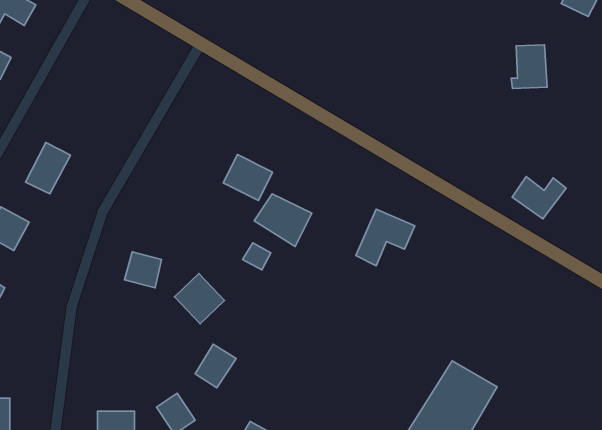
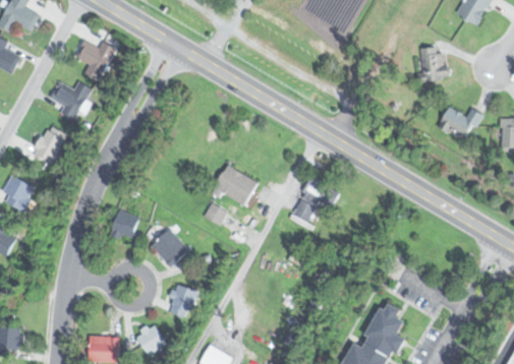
building: none -> [76,42,117,82]
building: none -> [52,82,92,122]
building: [223,155,272,201] -> none
building: [512,176,566,219] -> [441,108,483,141]

